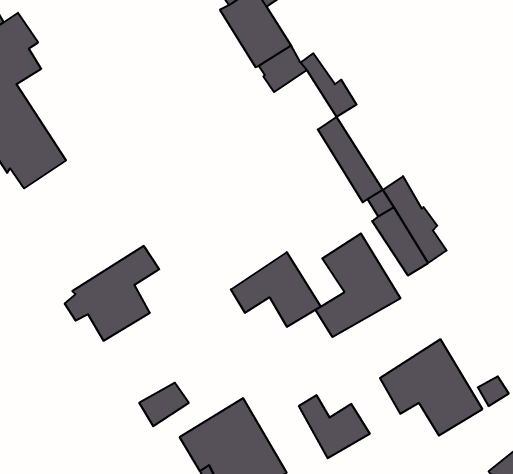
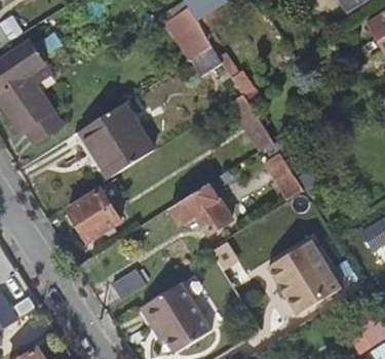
building: none -> [81,103,154,177]
building: [315,233,400,337] -> none
building: [299,395,370,458] -> none

